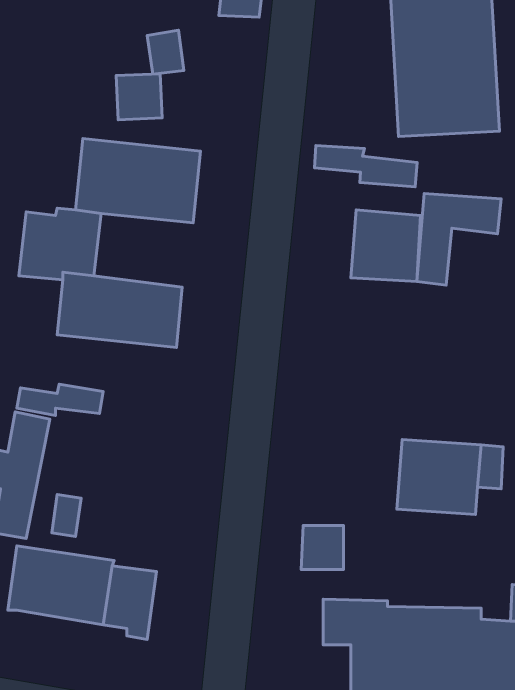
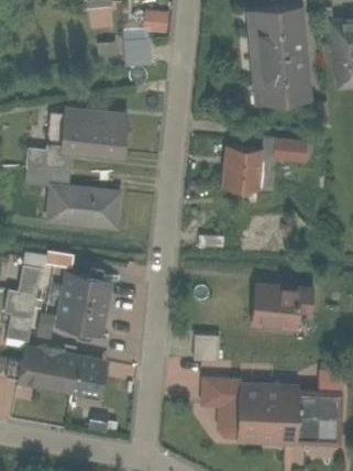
building: [116,74,162,120] -> [122,37,150,65]
building: [314,145,417,187] -> none
building: none -> [60,274,114,335]

